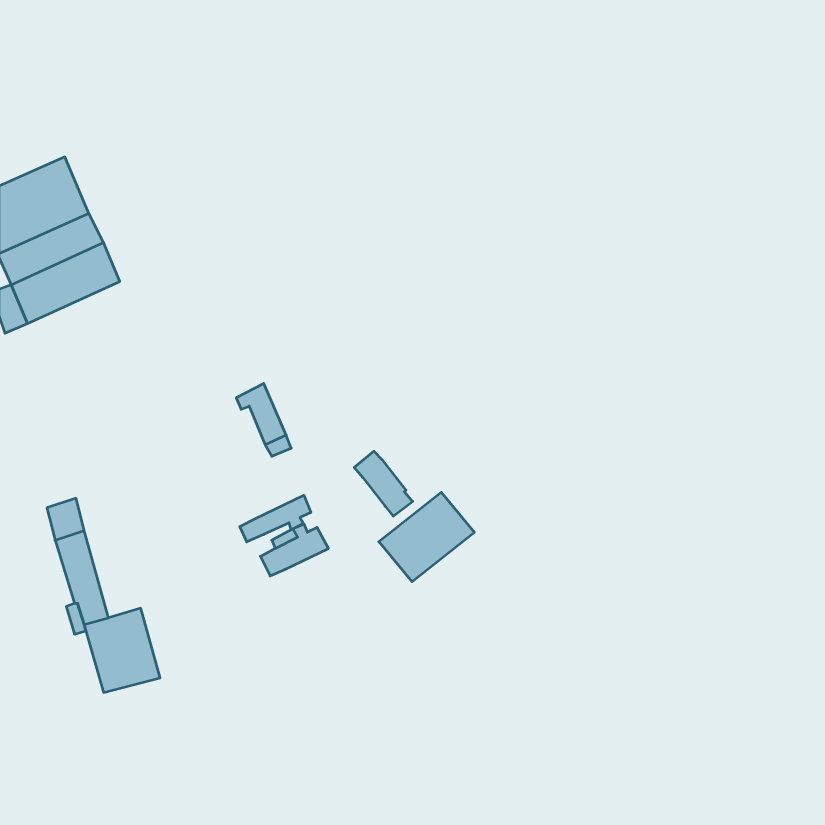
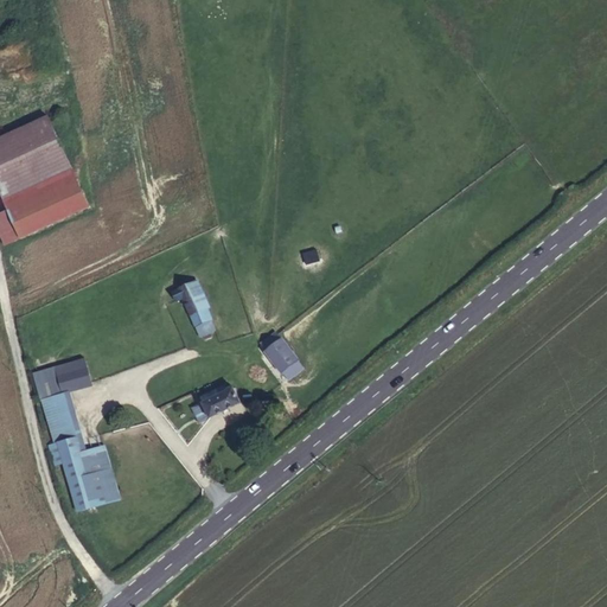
building: none -> [56,358,90,389]
building: [379,492,474,582] -> none
building: [240,495,311,542] -> none

